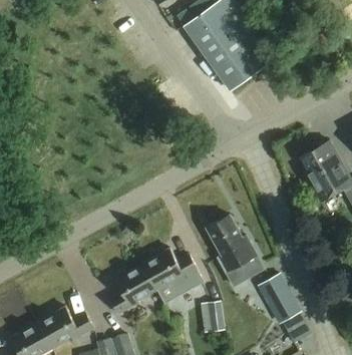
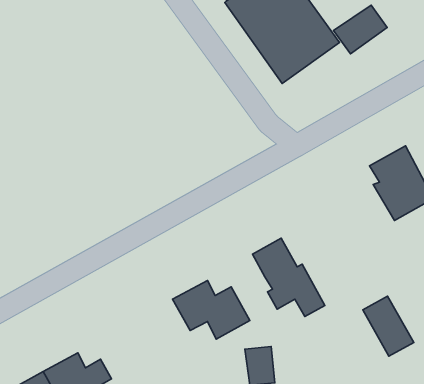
building: none -> [334,5,387,54]
building: [108,264,155,314] -> none
building: [260,274,301,322] -> [363,296,414,356]

